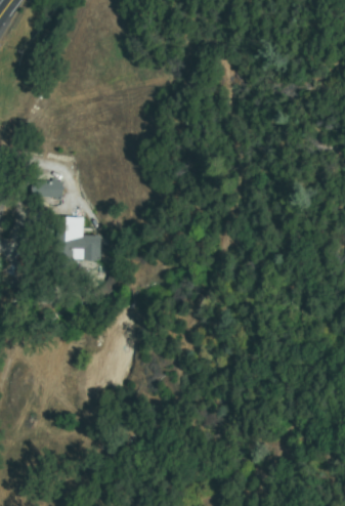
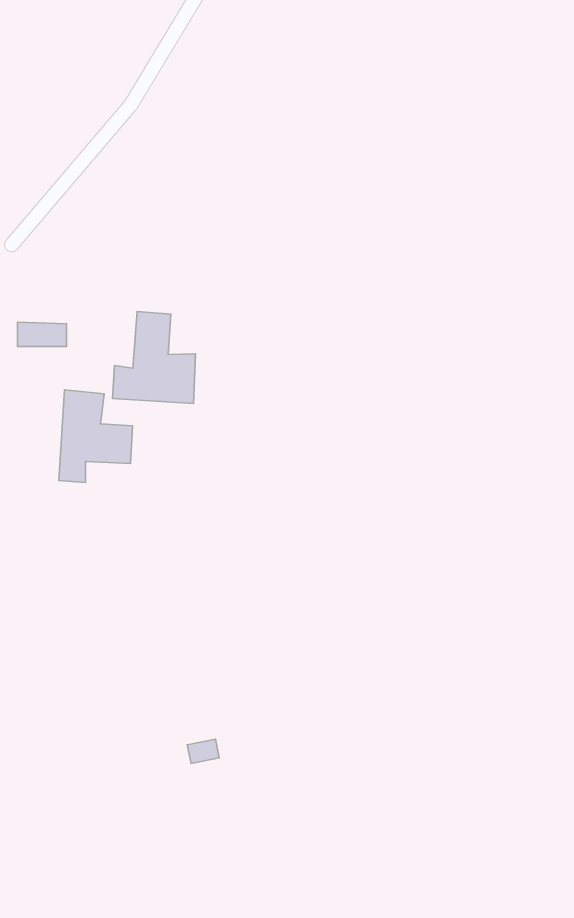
building: none -> [112,311,196,404]

